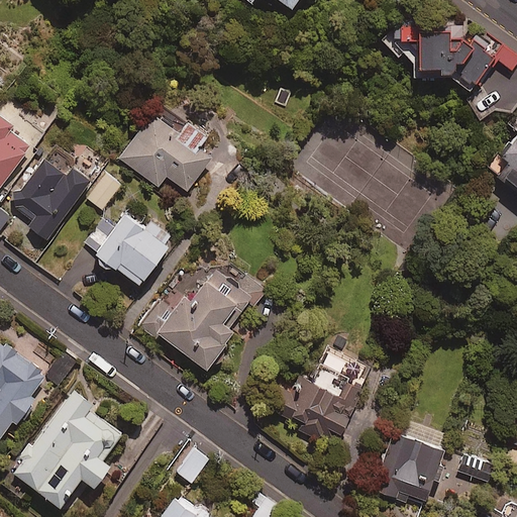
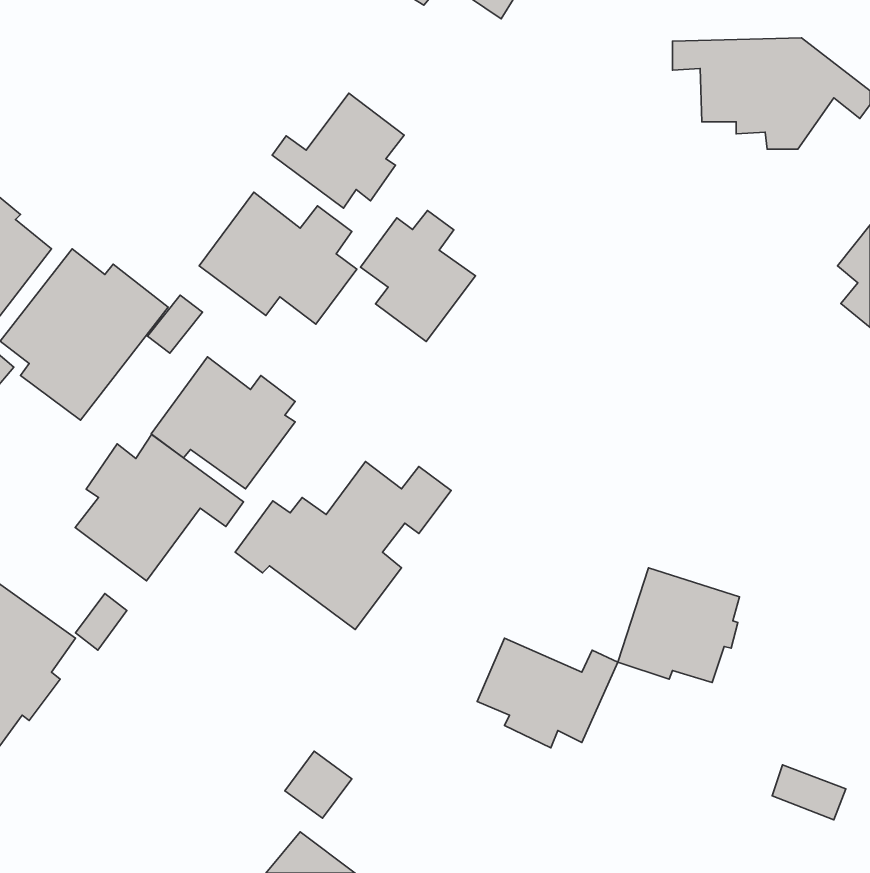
building: none -> [272,93,404,208]
building: none -> [360,210,475,342]
building: none -> [75,434,243,581]
building: [13,390,121,508] -> none
building: [375,434,446,502] -> [618,568,740,683]

